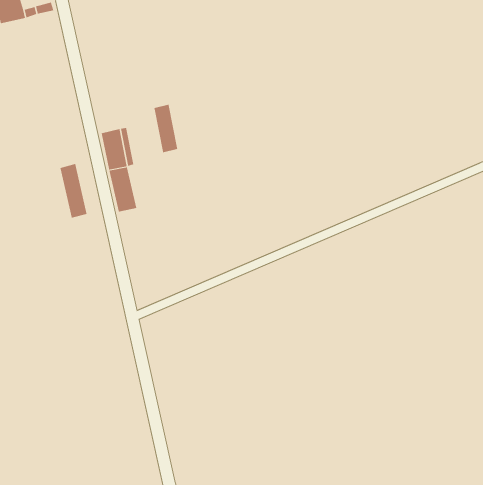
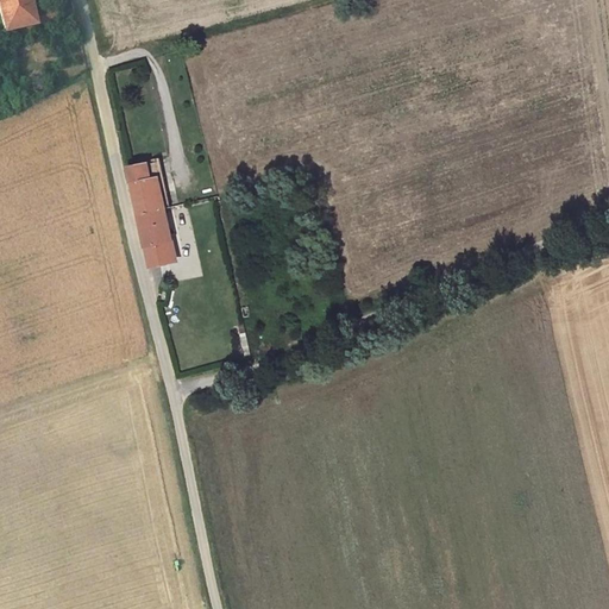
building: [154,104,178,153] -> none
building: [60,163,87,219] -> none

